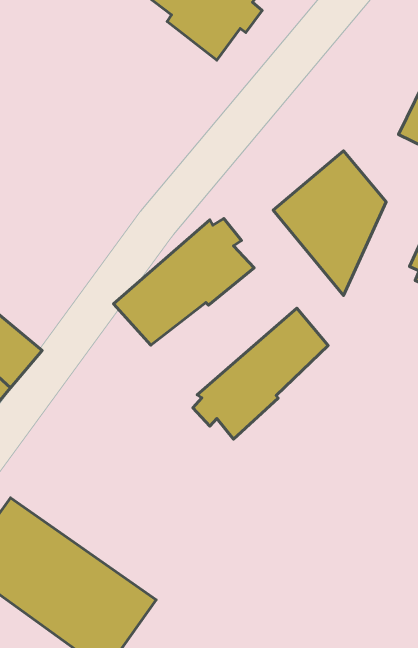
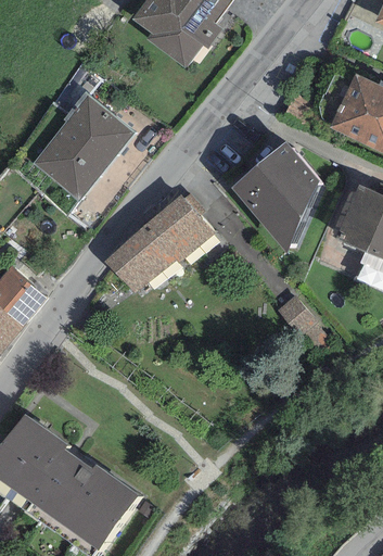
building: none -> [31,90,136,201]
building: [193,308,328,439] -> none

